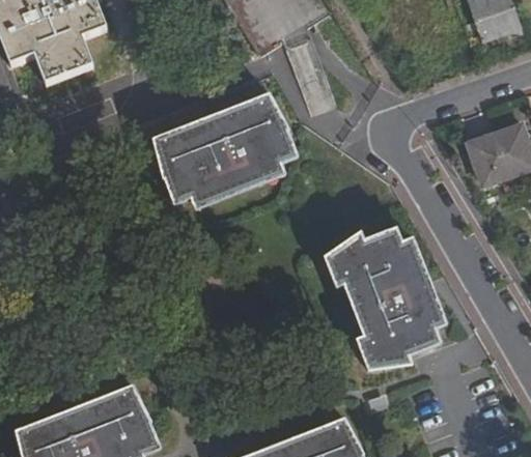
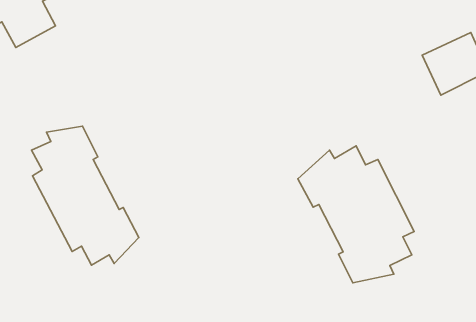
building: [149,92,290,203] -> none
building: none -> [32,126,139,265]

